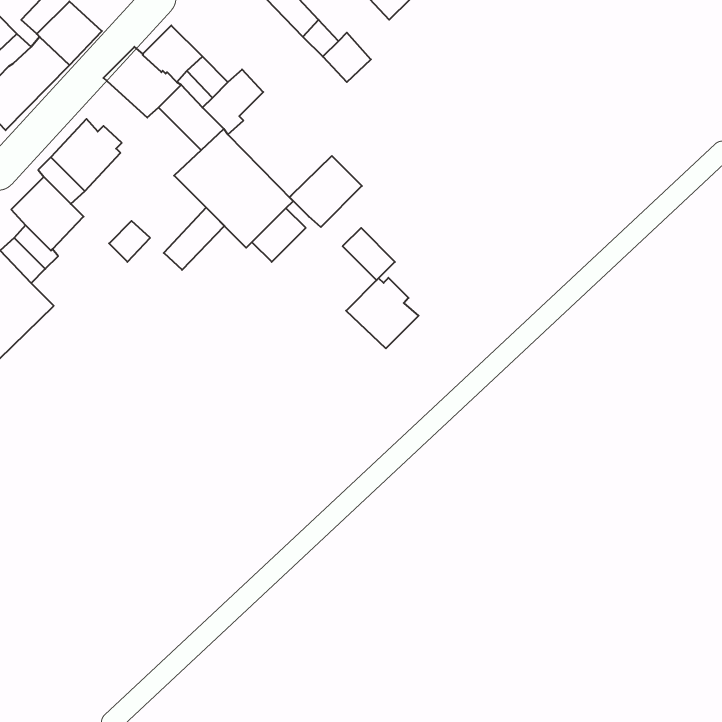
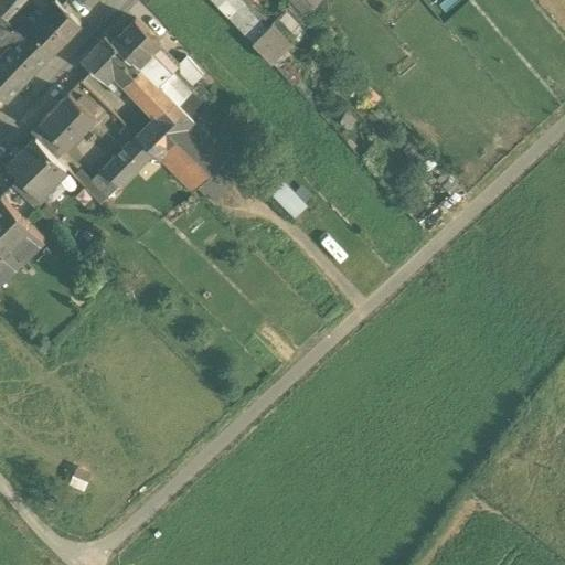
building: [289,156,362,227] -> none
building: [164,208,225,270] -> [103,137,150,185]
building: [346,278,419,348] -> none

